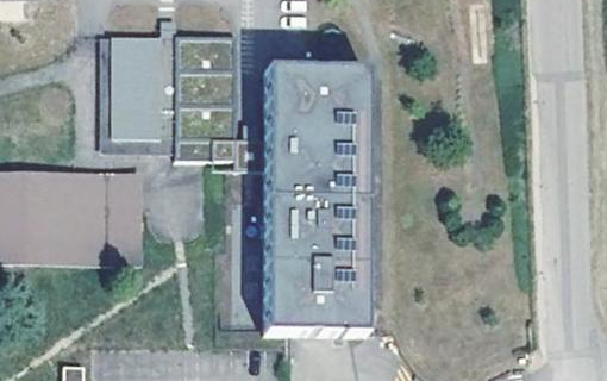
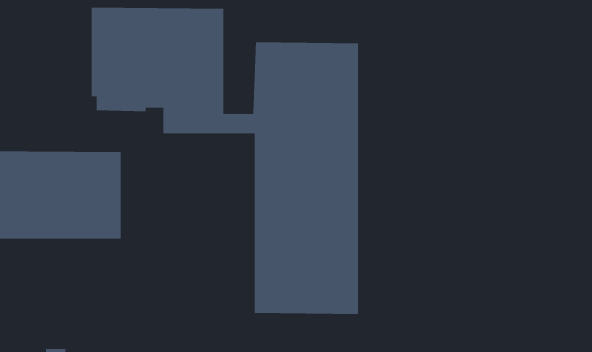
building: [100,33,177,150] -> none

